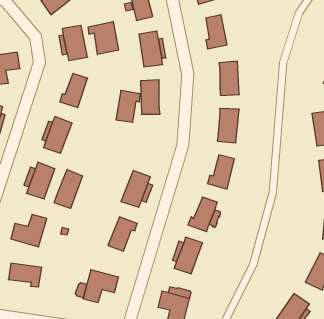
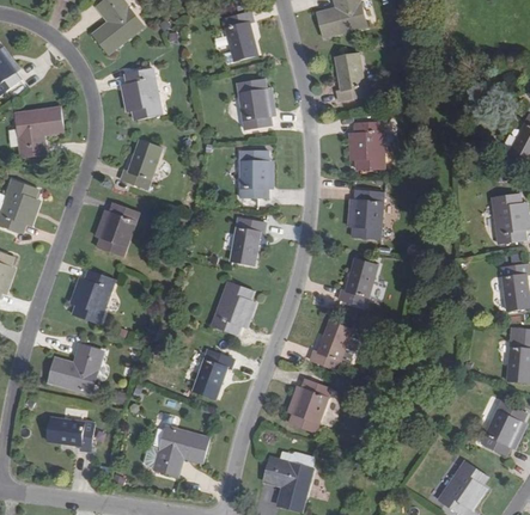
building: [88,21,118,55] -> none
building: [116,90,140,122] -> [230,217,266,264]
building: [54,169,82,208] -> none

